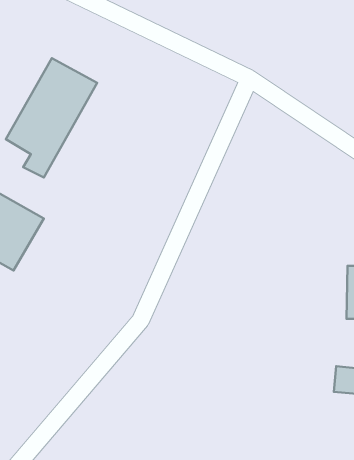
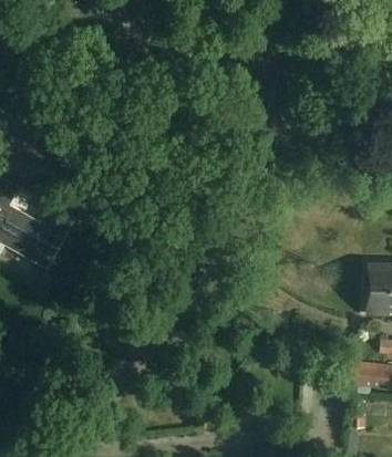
building: [6,58,97,178] -> none

